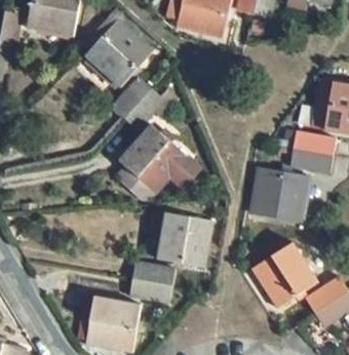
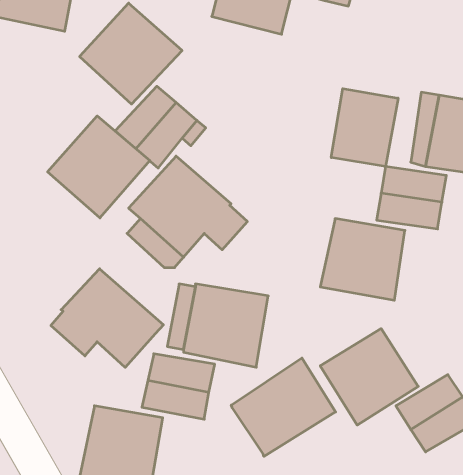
building: none -> [331,89,398,167]
building: none -> [48,116,150,218]
building: none -> [51,269,163,367]
building: none -> [231,358,336,456]

